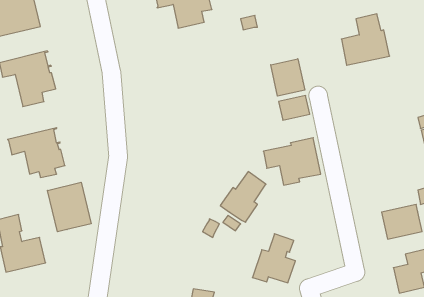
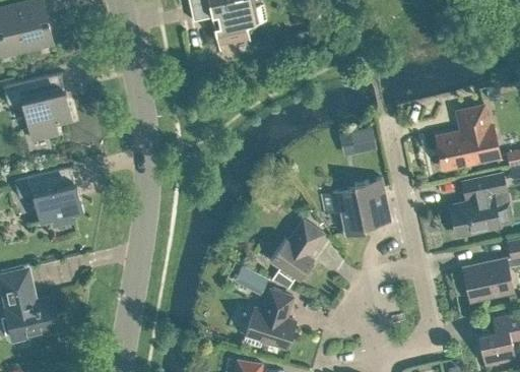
building: [341,14,390,65] -> [440,107,498,169]
building: [271,59,305,96] -> none
building: none -> [450,174,509,239]
building: [47,182,91,232] -> none
building: [252,234,295,283] -> [243,290,295,349]

